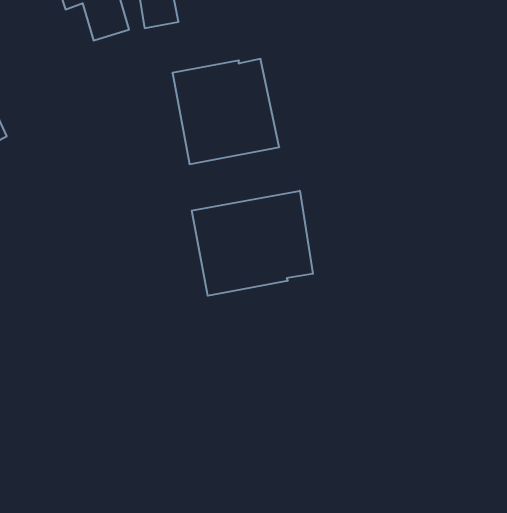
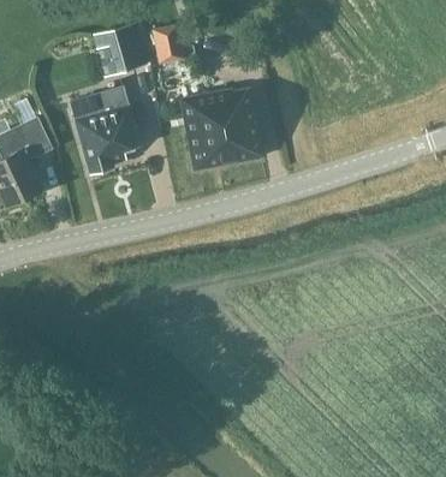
building: none -> [71,97,138,173]
building: [192,191,313,296] -> none

